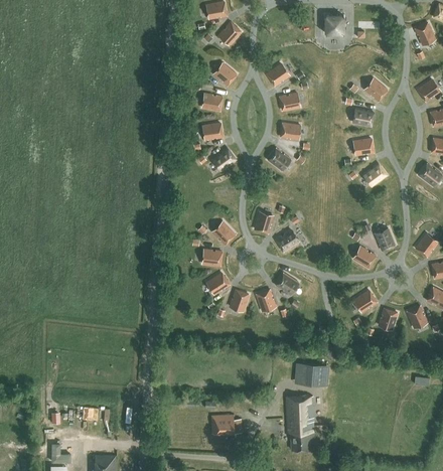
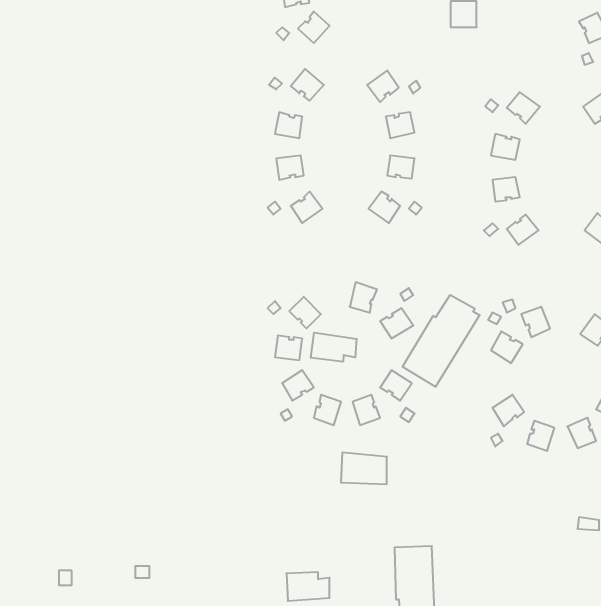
building: none -> [403,295,480,387]
building: none -> [311,333,357,362]
building: [296,361,328,383] -> [341,452,387,484]

